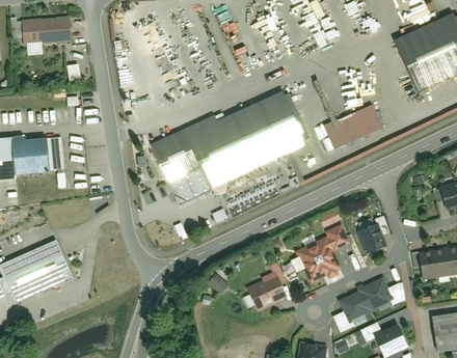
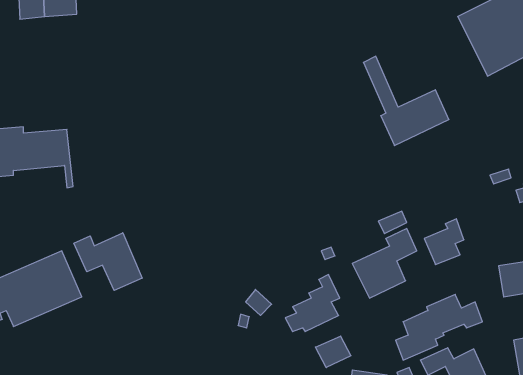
building: [150,90,302,202] -> none
building: none -> [74,233,142,290]
building: none -> [315,336,351,368]

